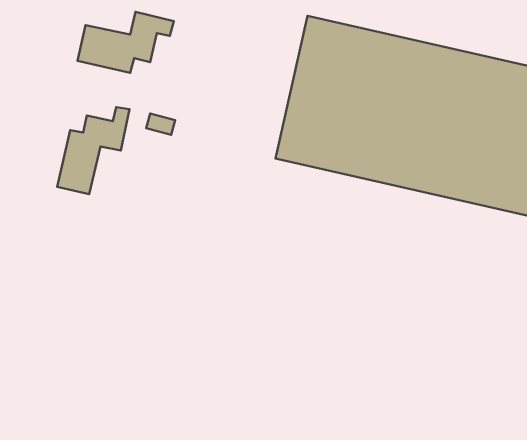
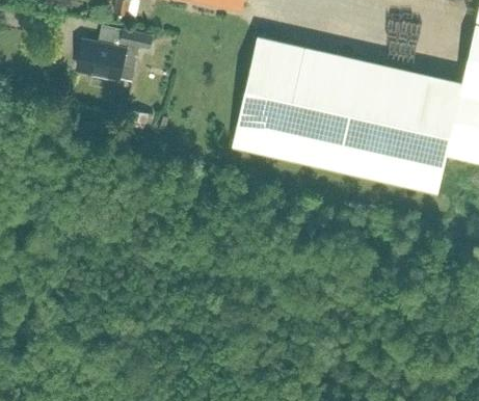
building: [57,107,130,194] -> none

